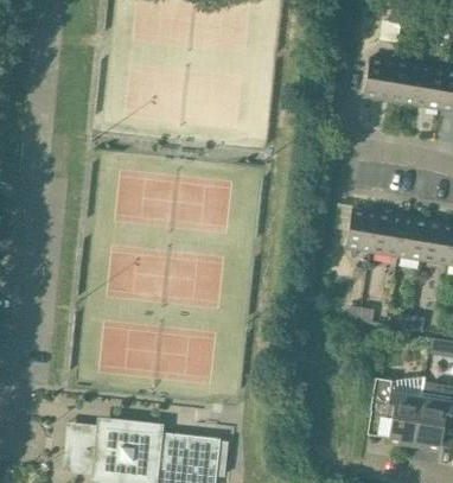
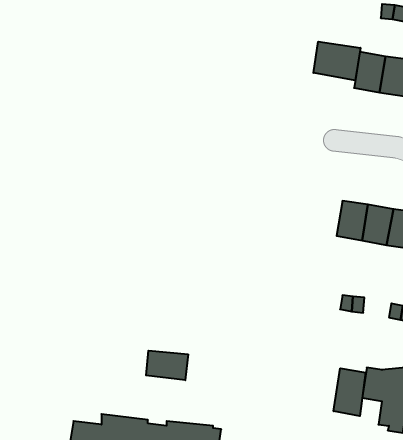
building: none -> [313,42,360,81]
building: none -> [146,351,188,380]
building: none -> [334,368,365,416]

